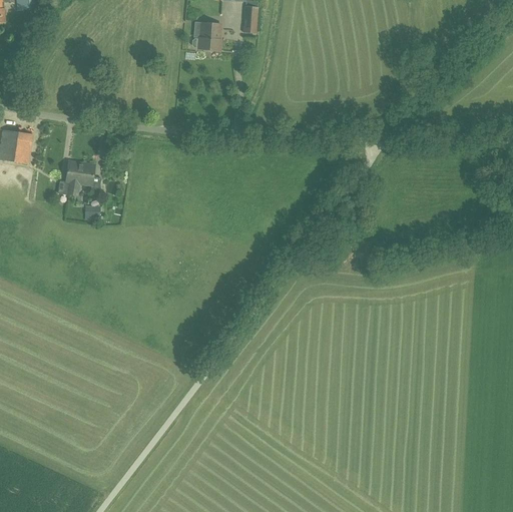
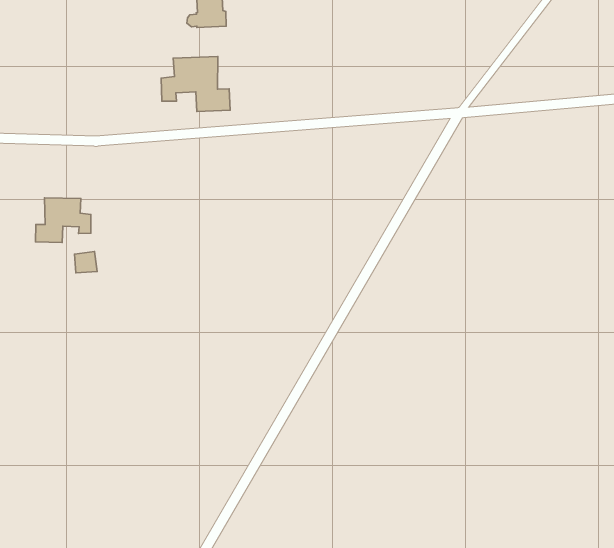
building: none -> [161,57,230,112]

